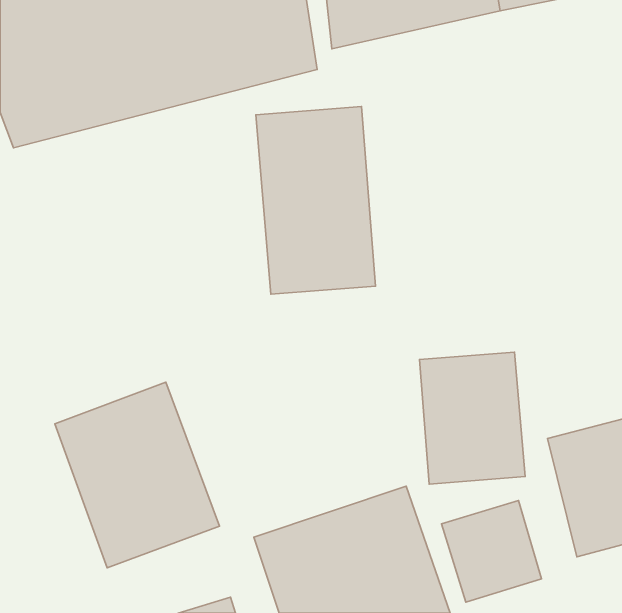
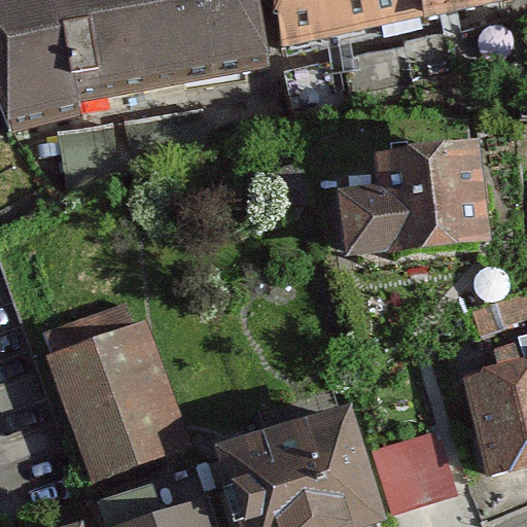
building: [256,106,376,294] -> none
building: none -> [340,147,484,256]
building: [420,352,525,484] -> none

